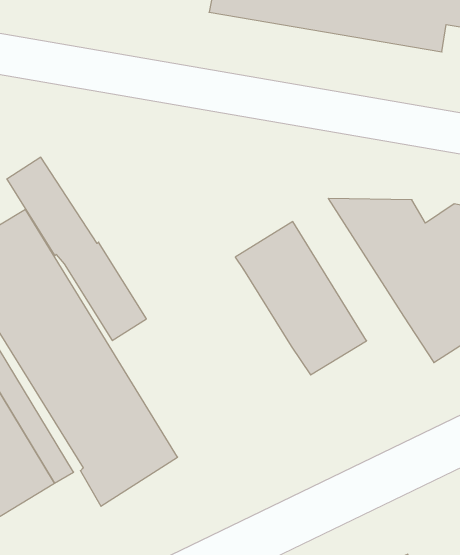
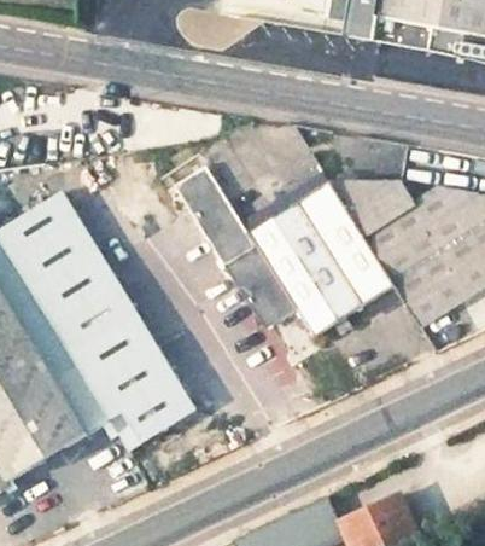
building: [7,157,146,341] -> [174,168,297,330]
building: none -> [298,180,396,306]

